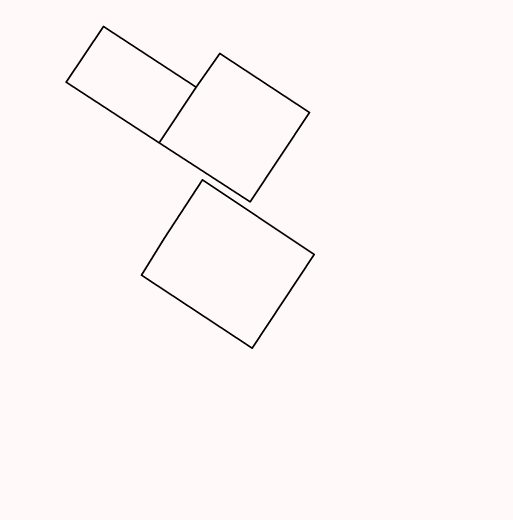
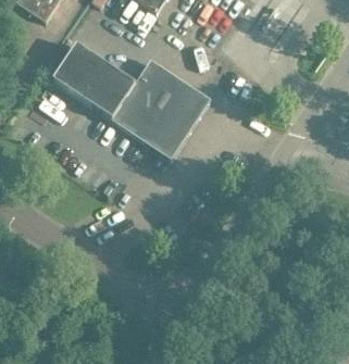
building: [142,180,314,348] -> none

